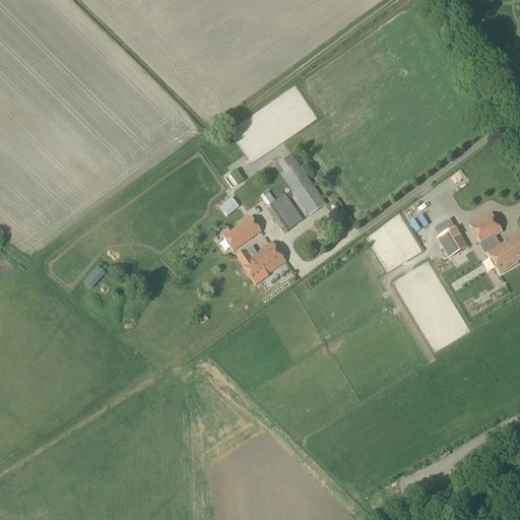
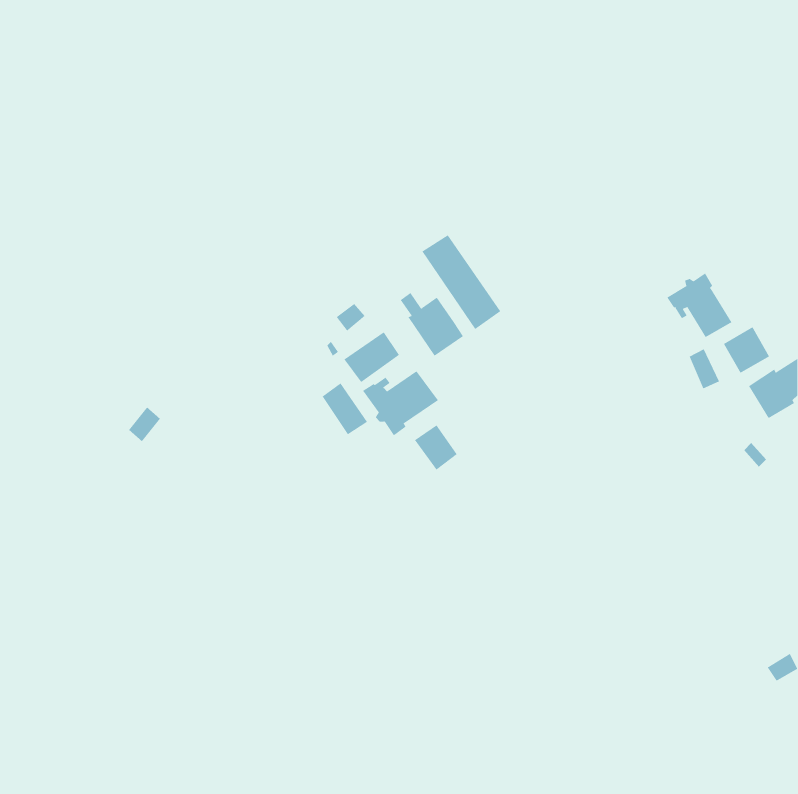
building: none -> [666,273,732,338]
building: none -> [322,383,368,435]
building: none -> [414,424,457,470]

